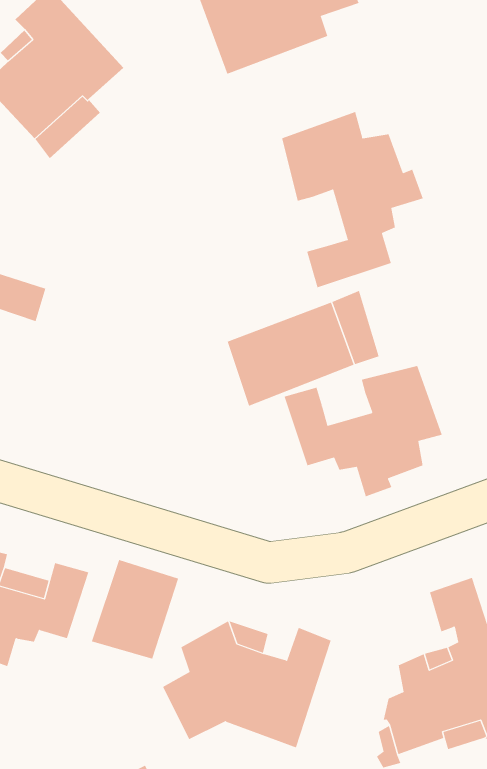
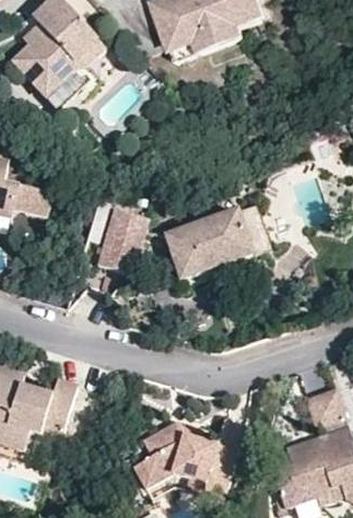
building: [281,111,424,288] -> none
building: none -> [92,214,146,279]
building: [284,365,442,497] -> none
building: [91,559,179,660] -> none

